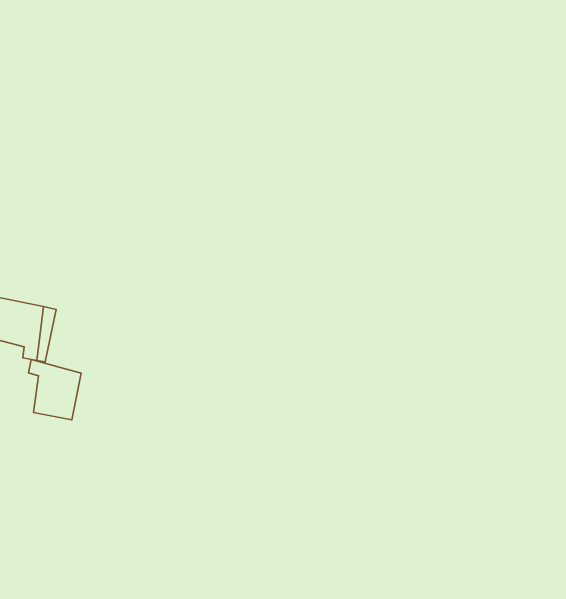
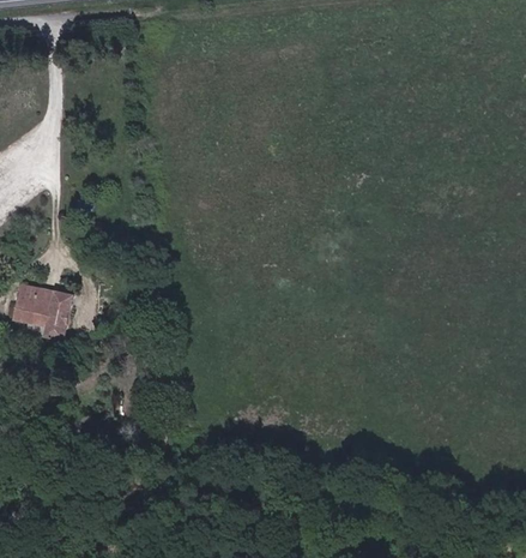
building: [28,359,81,420] -> none

